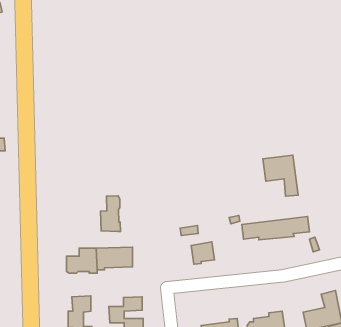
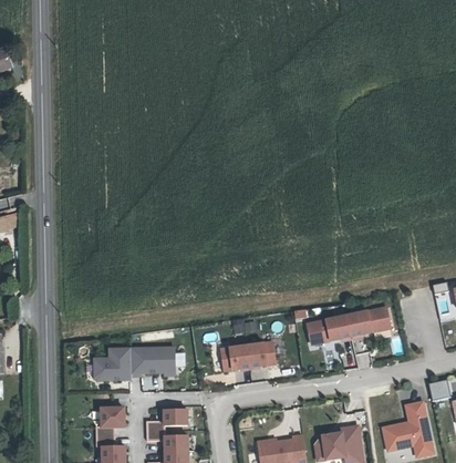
building: [263,155,298,196] -> none
building: [101,196,121,232] -> none
building: none -> [220,344,249,370]

